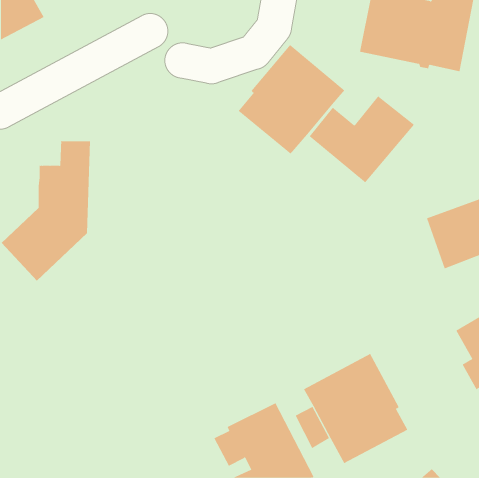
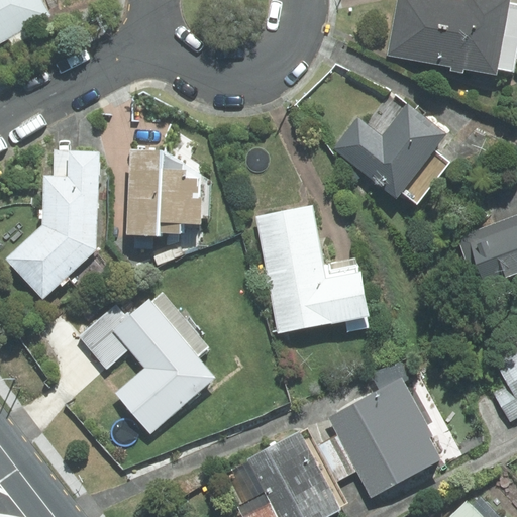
building: [238,44,345,155] -> none
building: none -> [124,149,200,238]
building: none -> [257,205,368,332]
building: none -> [81,291,217,433]

